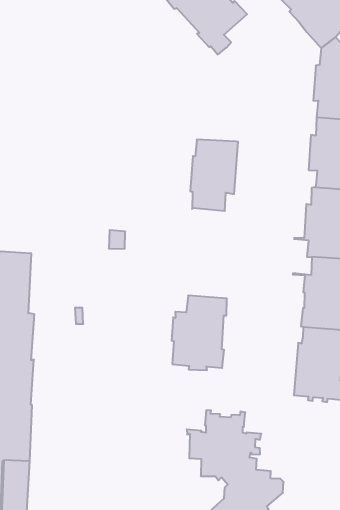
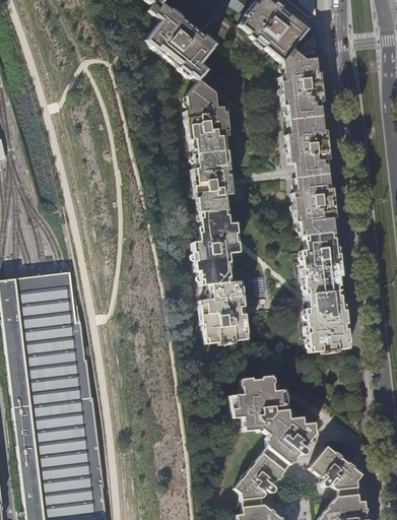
building: none -> [184,74,226,154]
building: none -> [191,209,238,285]

